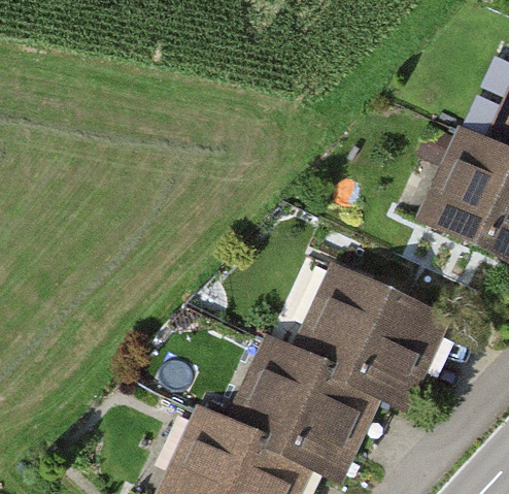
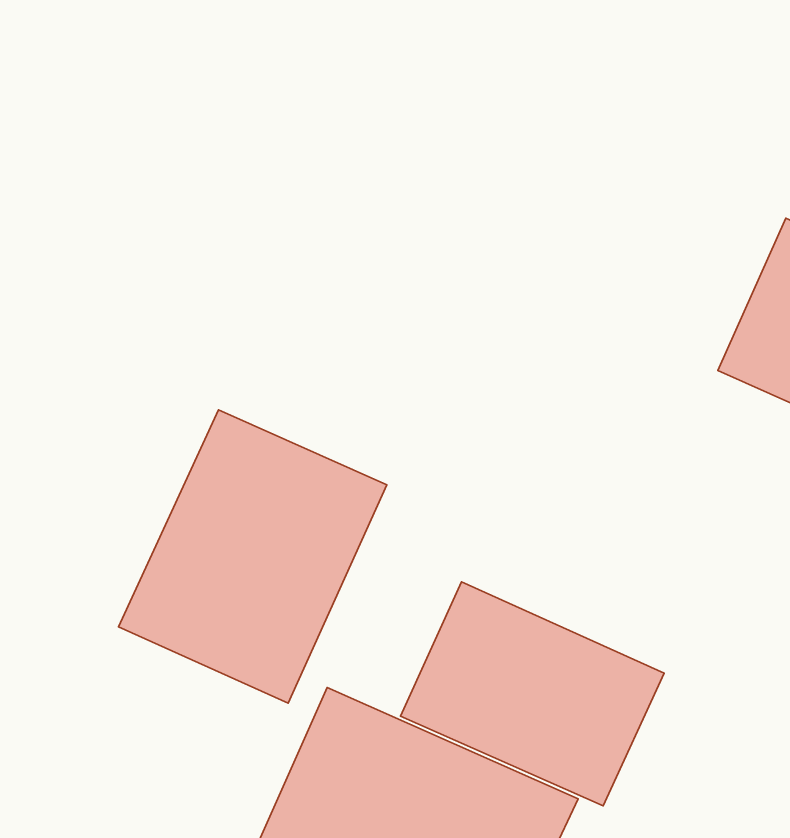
building: none -> [118,410,387,703]
building: [298,269,448,398] -> none

